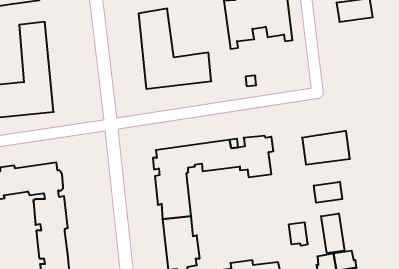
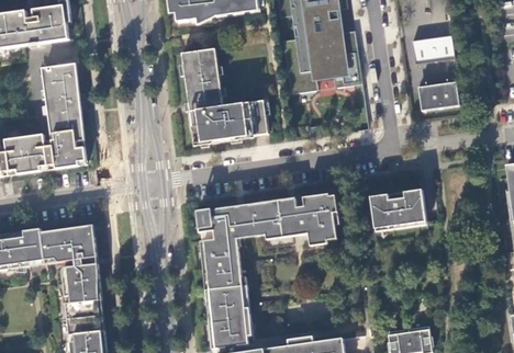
building: none -> [415,80,455,109]
building: [314,182,342,203] -> none
building: [321,213,345,253] -> none
building: [289,222,308,246] -> none

